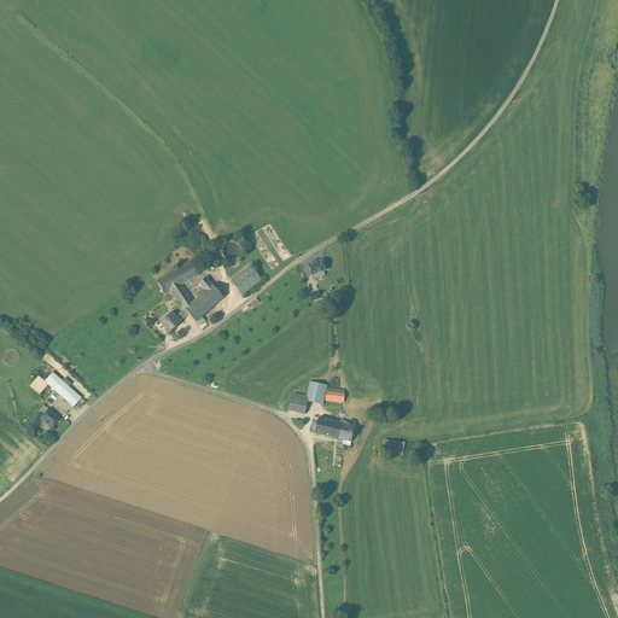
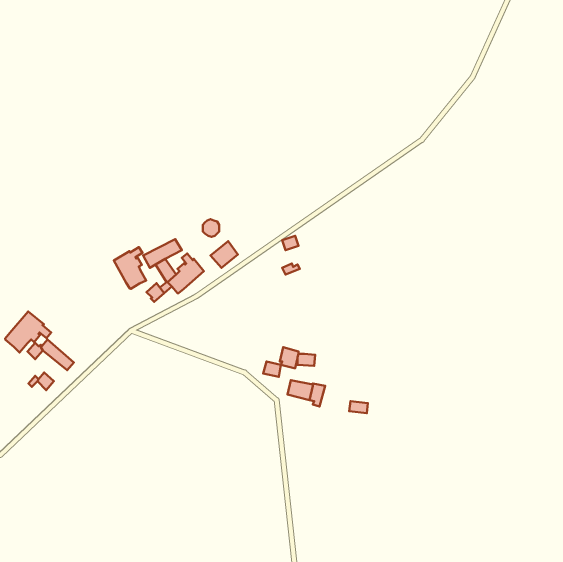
building: none -> [114,247,146,289]
building: none -> [5,311,51,352]

